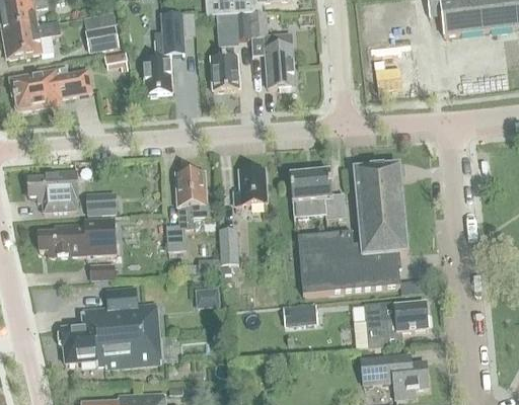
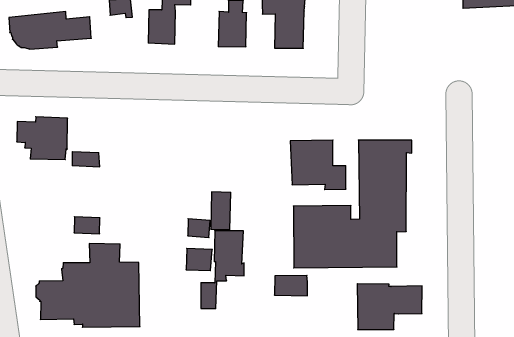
building: [234,169,266,204] -> none
building: [167,173,208,250] -> [201,231,244,309]
building: [39,217,116,256] -> none

